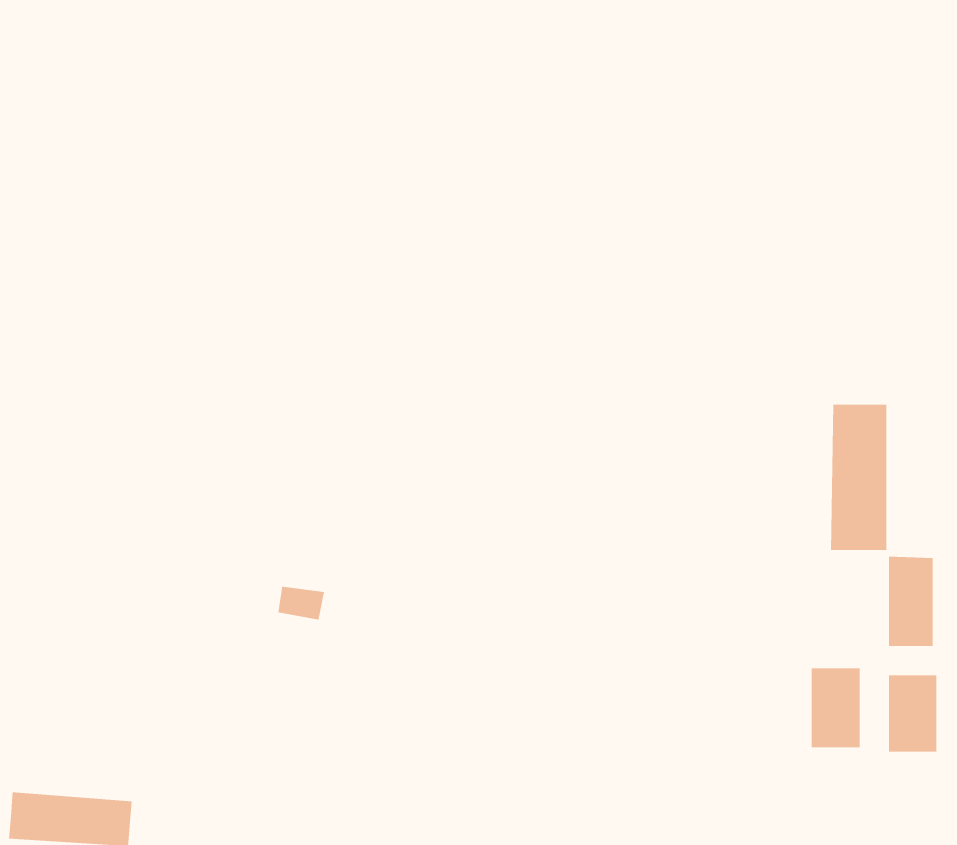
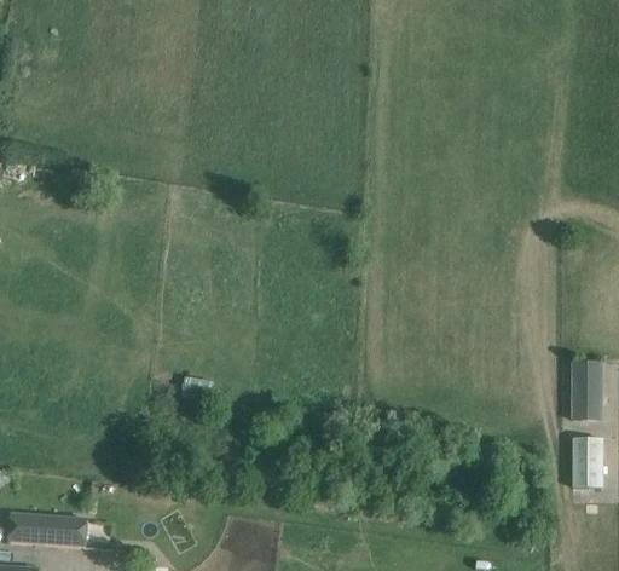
building: [830,404,887,551] -> none
building: [811,668,860,748] -> none

